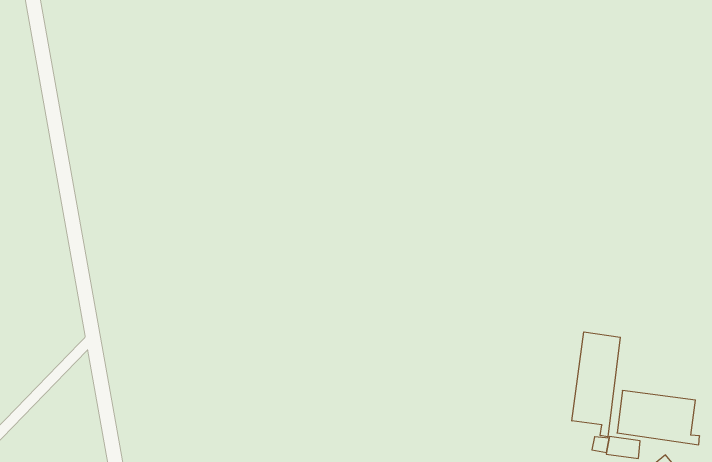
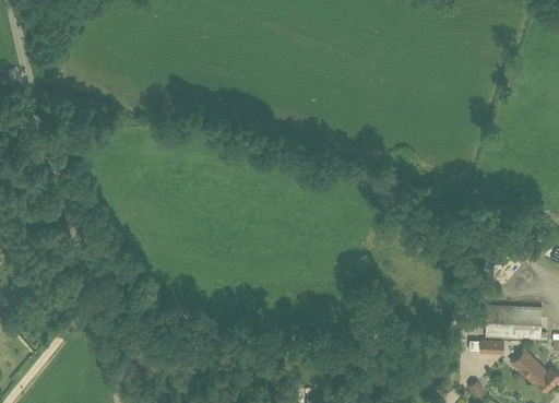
building: [572,332,620,437] -> none

